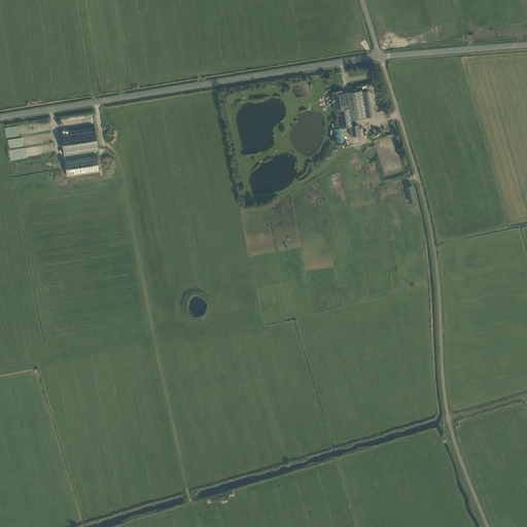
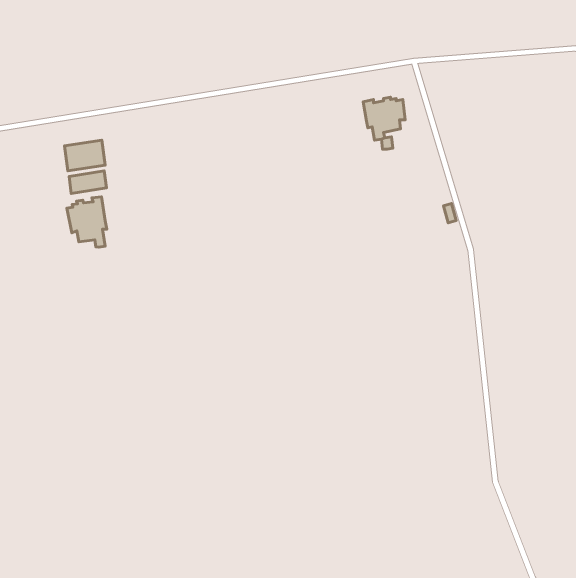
building: none -> [67,197,107,247]

